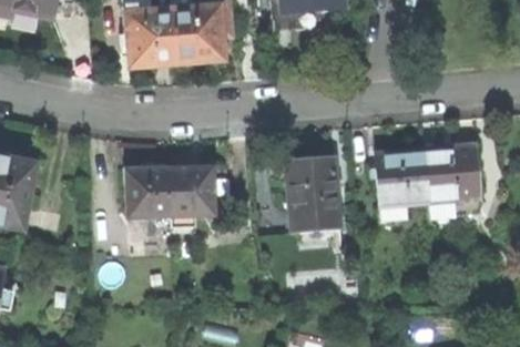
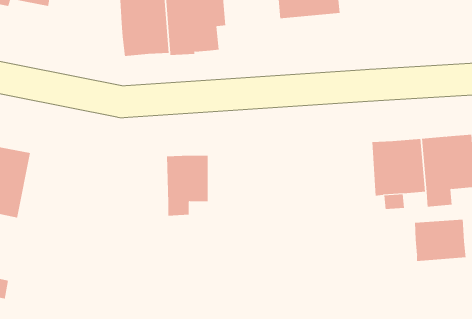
building: [286,155,339,231] -> none
building: [125,166,172,213] -> none
building: none -> [414,219,466,262]

